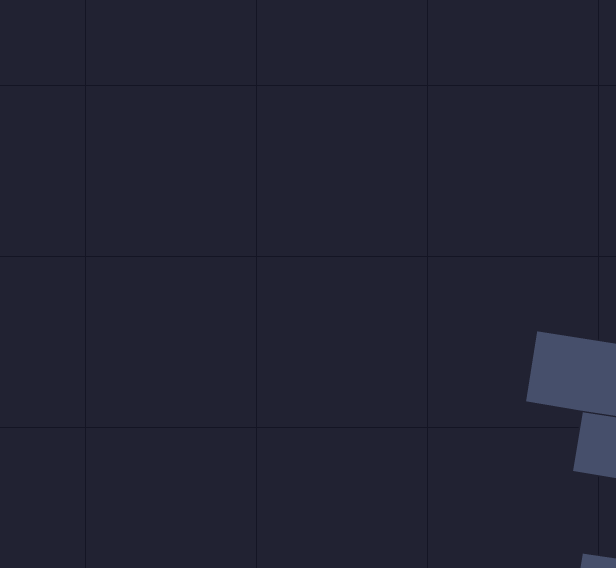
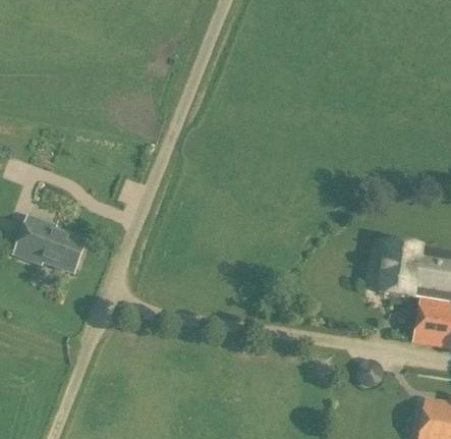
building: none -> [15,217,84,272]

